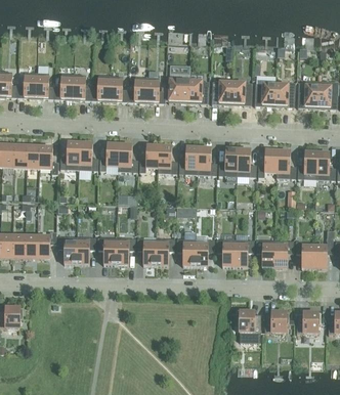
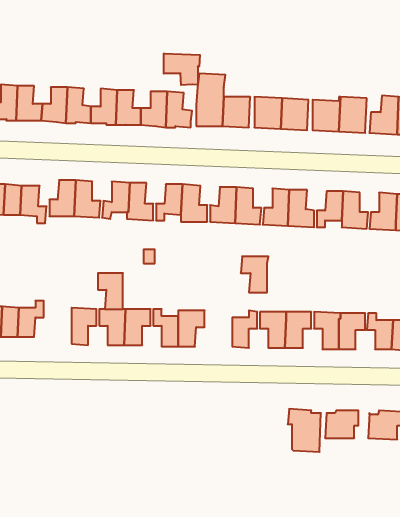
building: none -> [164,53,200,85]
building: [58,235,77,262] -> [98,273,123,309]
building: [176,237,197,264] -> [241,256,268,292]

